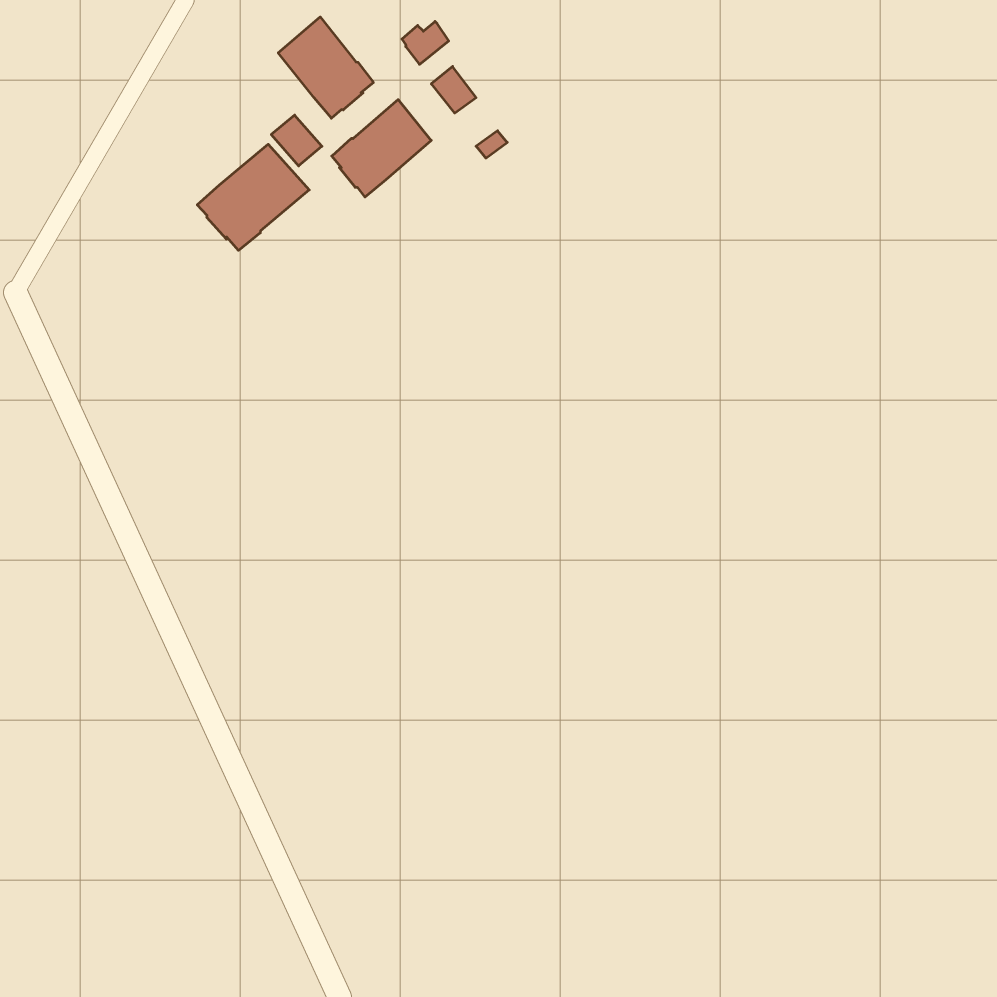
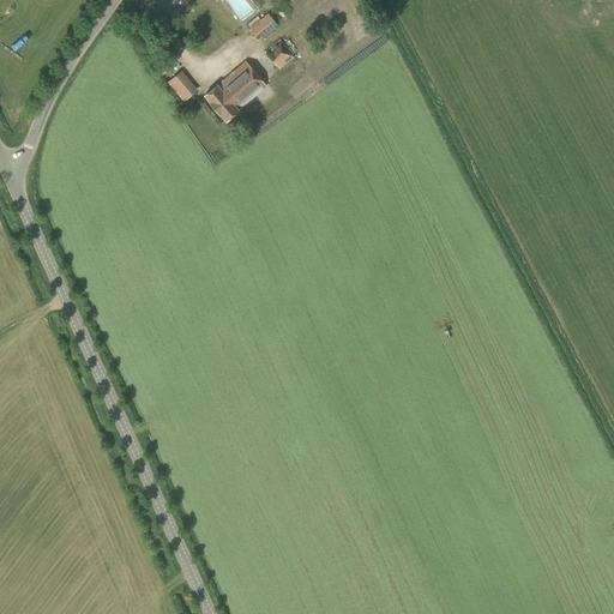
building: [278,17,373,118] -> none
building: [197,144,309,250] -> none

